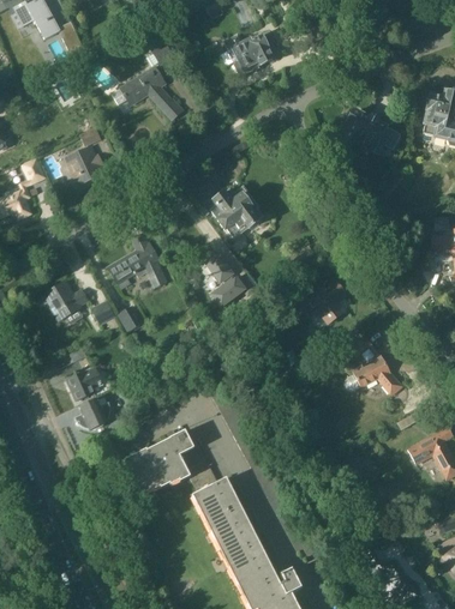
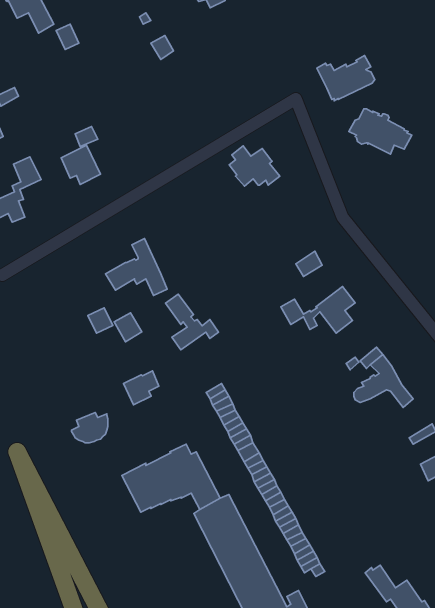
building: [223,30,279,73] -> [317,55,375,101]
building: [112,66,182,119] -> none
building: [211,191,259,229] -> [229,146,280,186]
building: [205,253,256,306] -> [166,294,219,350]
building: [44,281,88,320] -> none
building: [68,367,102,399] -> [123,371,159,405]

